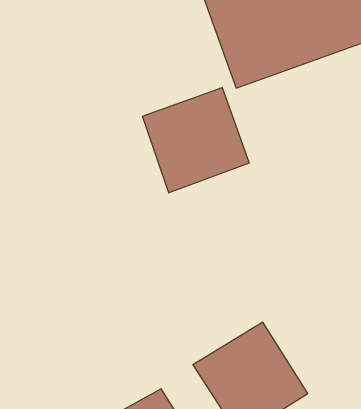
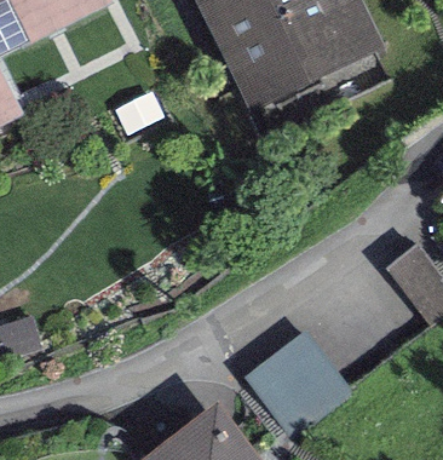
building: [142,87,249,193] -> none

